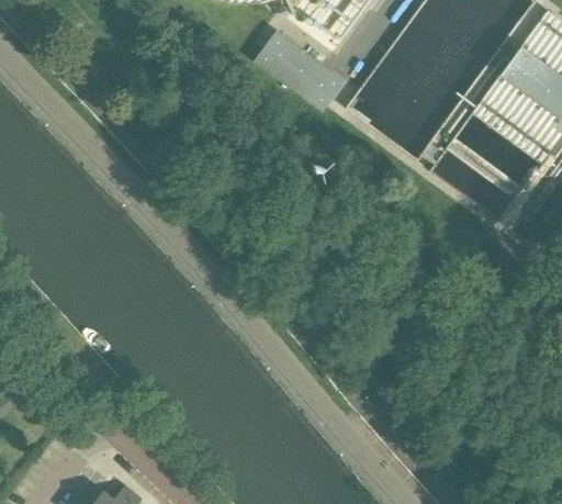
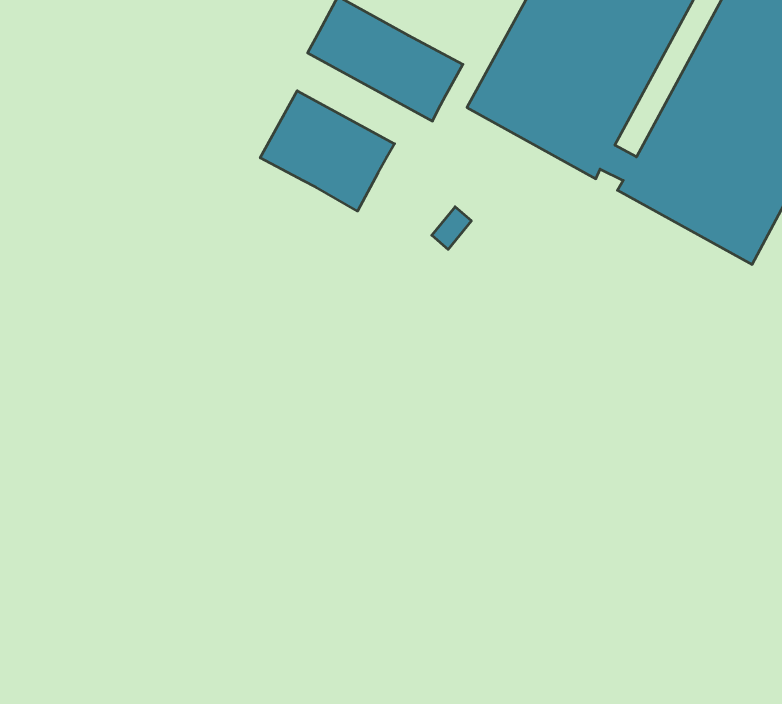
building: none -> [260,91,395,211]

